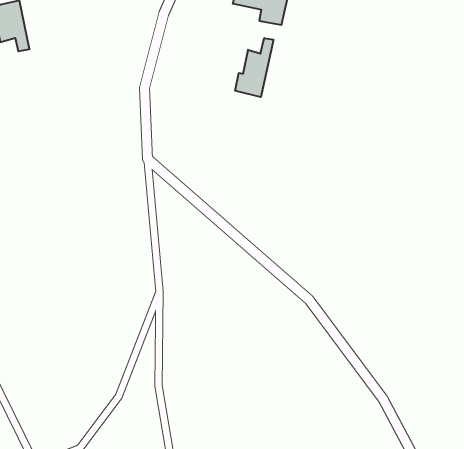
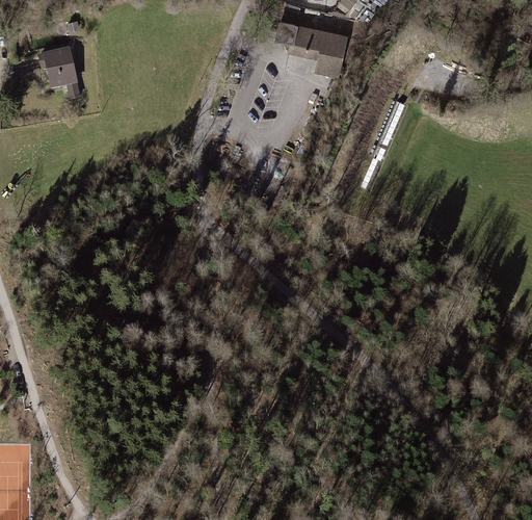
building: [235,38,273,97] -> none

